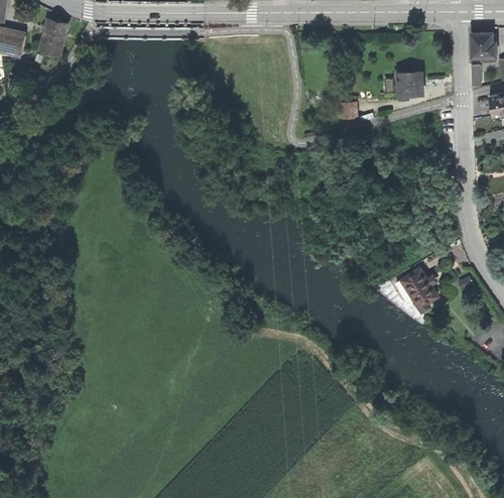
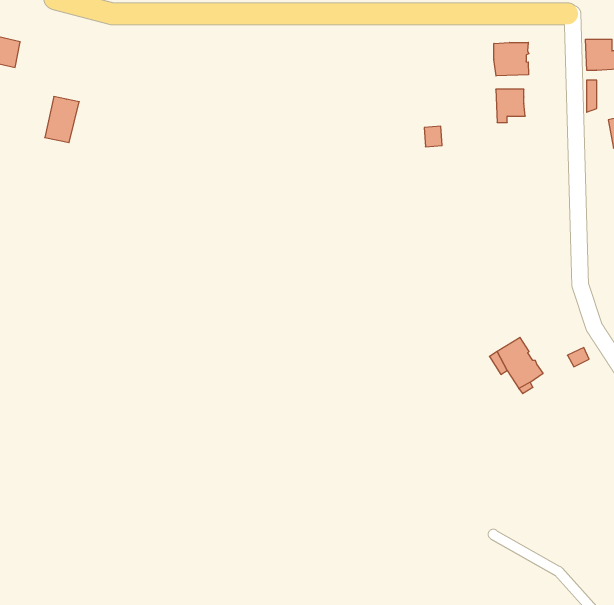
building: [41,18,69,54] -> [45,97,79,143]
building: none -> [494,42,529,76]

